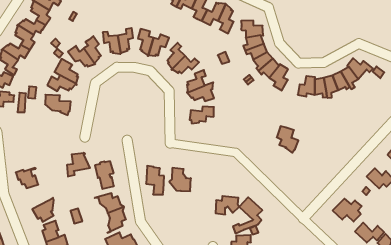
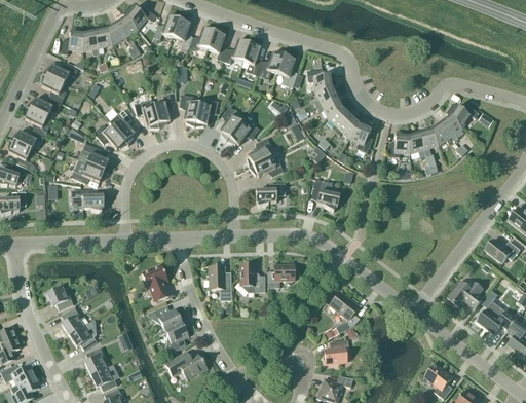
building: [277,126,298,153] -> [311,180,339,212]
building: [67,153,90,177] -> none
building: none -> [61,307,88,336]
building: [216,196,239,214] -> [266,265,296,288]

